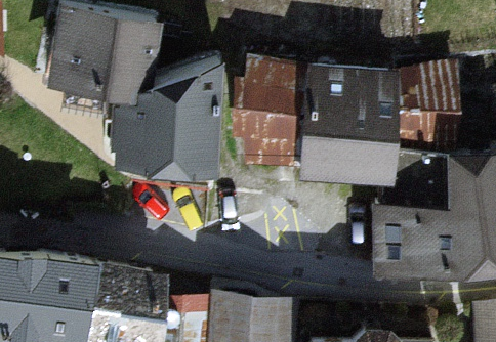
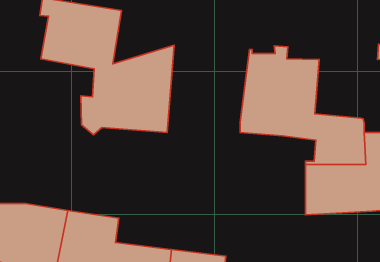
building: [247,59,308,157] -> none
building: [387,67,451,152] -> none

